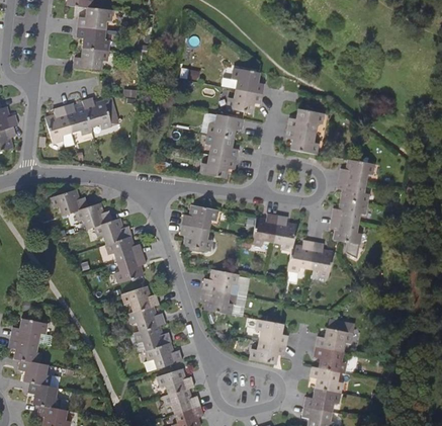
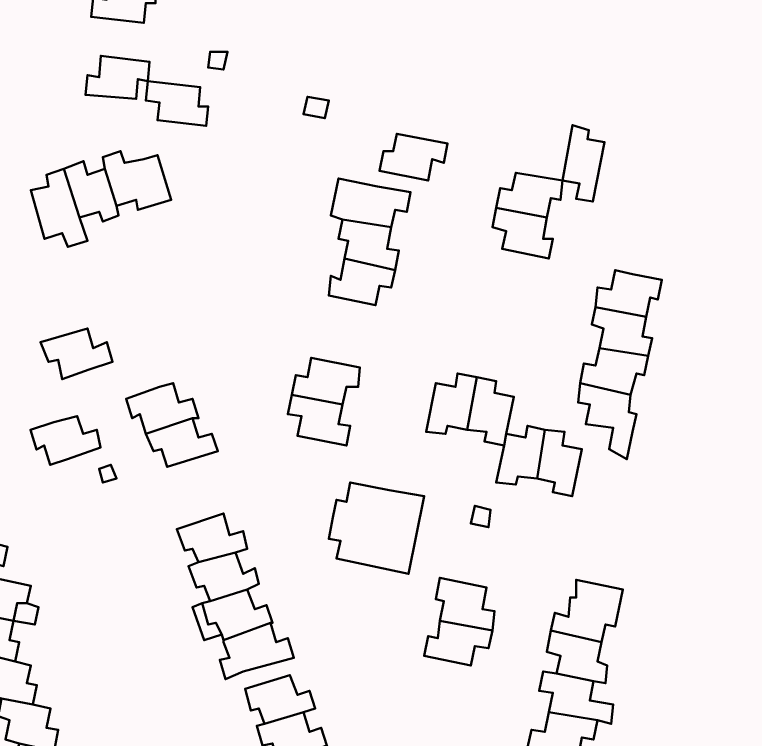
building: [77,27,109,51] -> [146,81,208,126]
building: [234,67,264,93] -> none
building: none -> [563,125,604,202]
building: [77,203,113,229] -> [31,416,101,465]
building: [115,253,147,281] -> none

